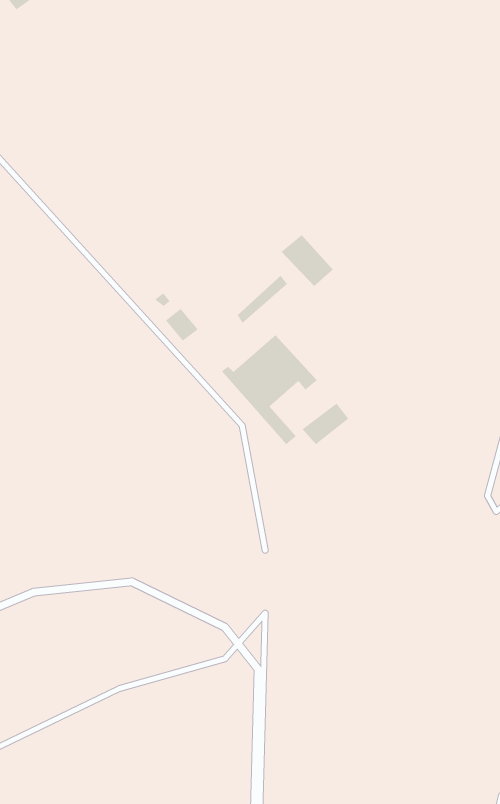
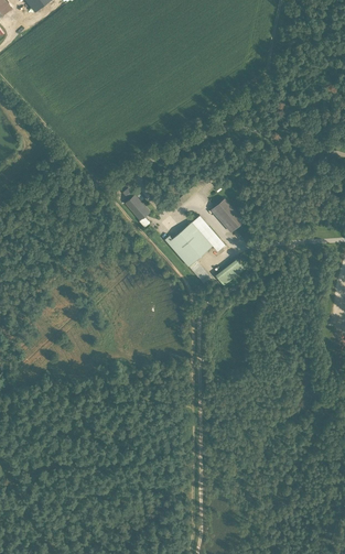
building: [281,234,333,287] -> [212,197,245,230]

